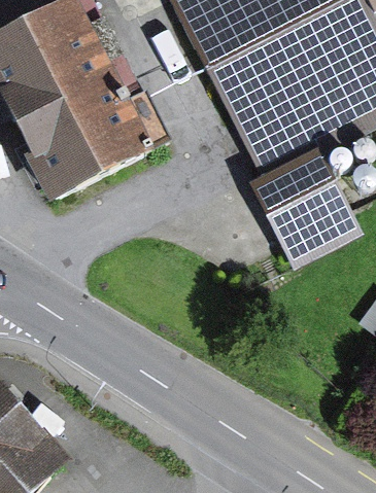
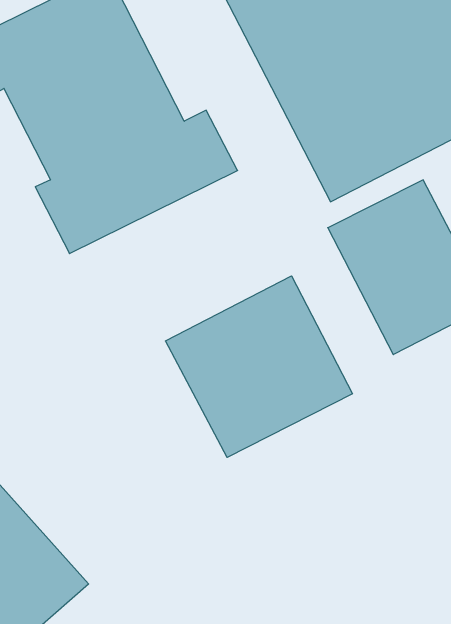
building: none -> [165,276,352,457]

